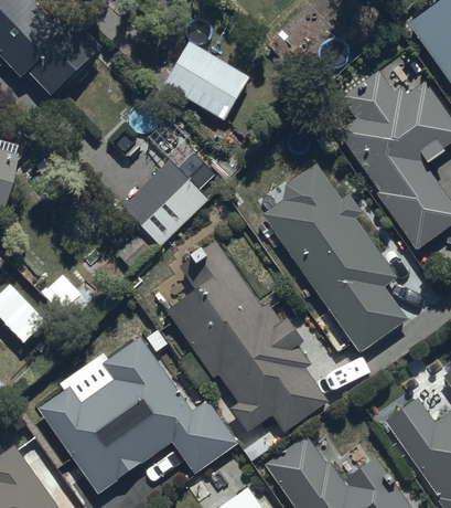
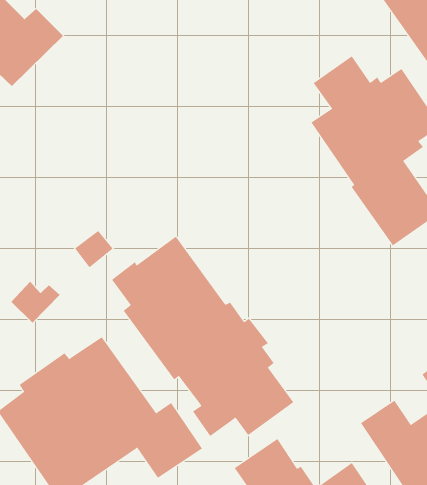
building: [164,42,249,120] -> none
building: [124,160,208,245] -> none
building: [262,162,407,351] -> none

